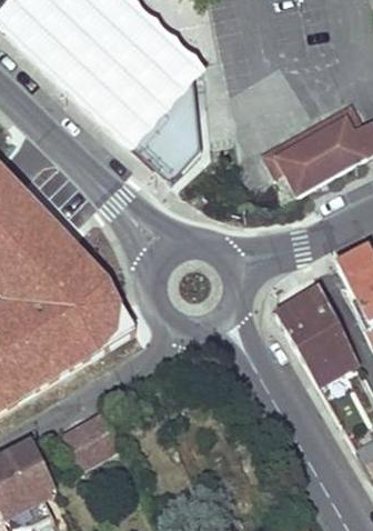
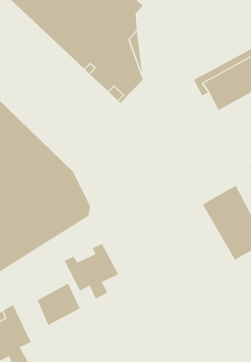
building: none -> [64,243,119,300]

